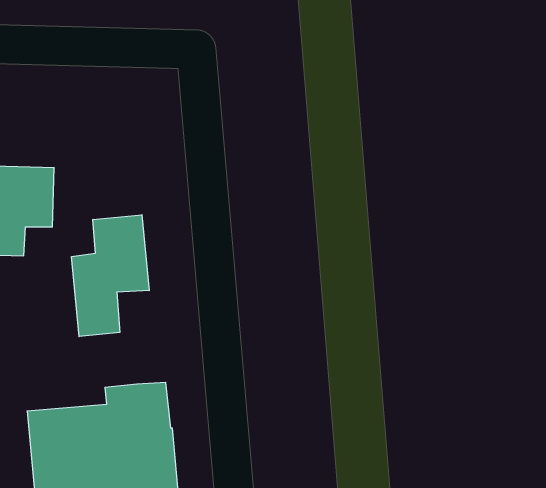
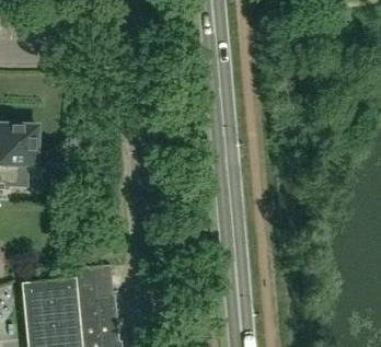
building: [72,215,149,337] -> none

